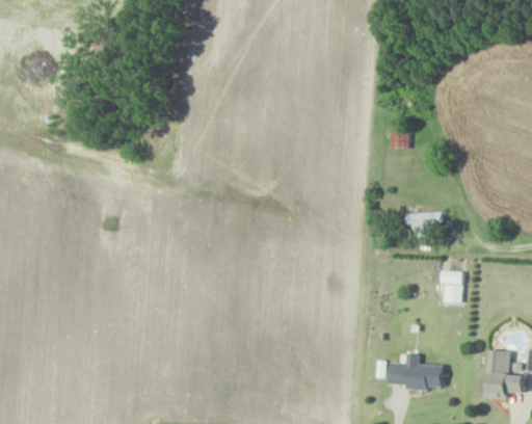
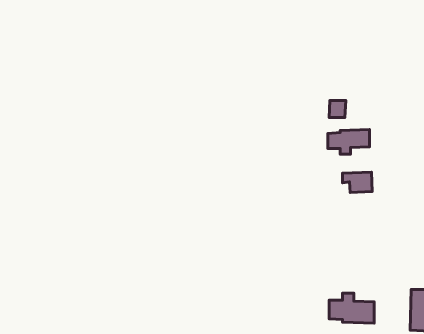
building: none -> [328,130,369,154]
building: [441,270,461,301] -> none

